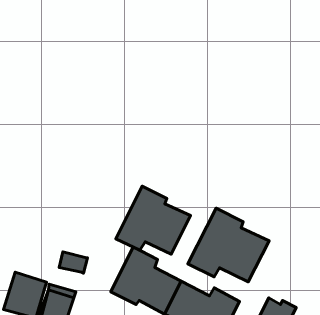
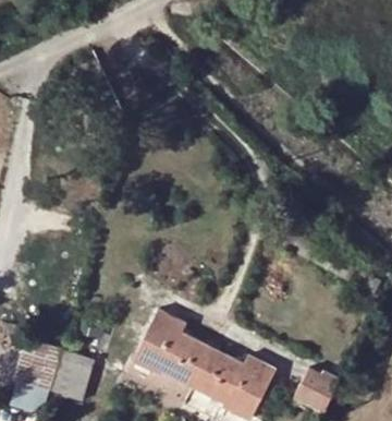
building: [116,186,190,254] -> none
building: [188,208,269,282] -> none

